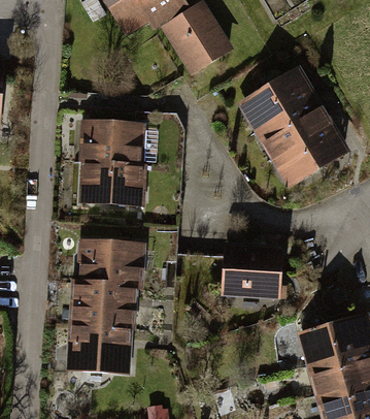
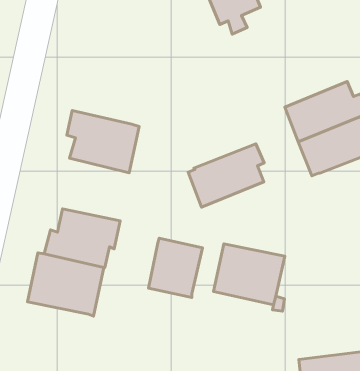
building: [243,71,306,130] -> [188,144,264,207]
building: [83,123,139,164] -> none
building: none -> [148,238,202,298]
building: [73,323,126,367] -> none

